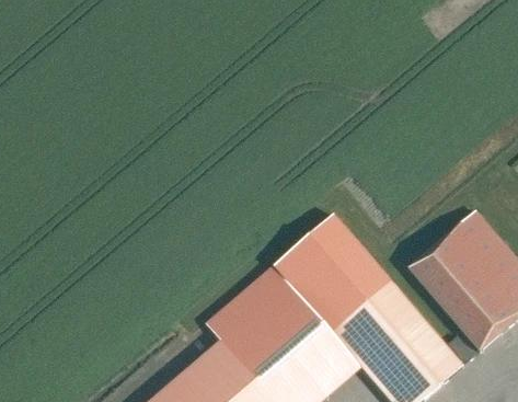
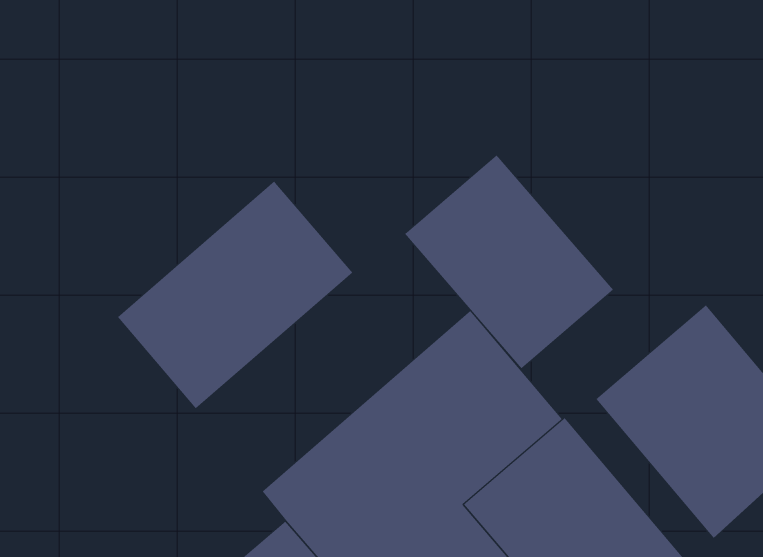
building: none -> [404,155,614,369]
building: none -> [117,180,353,409]

